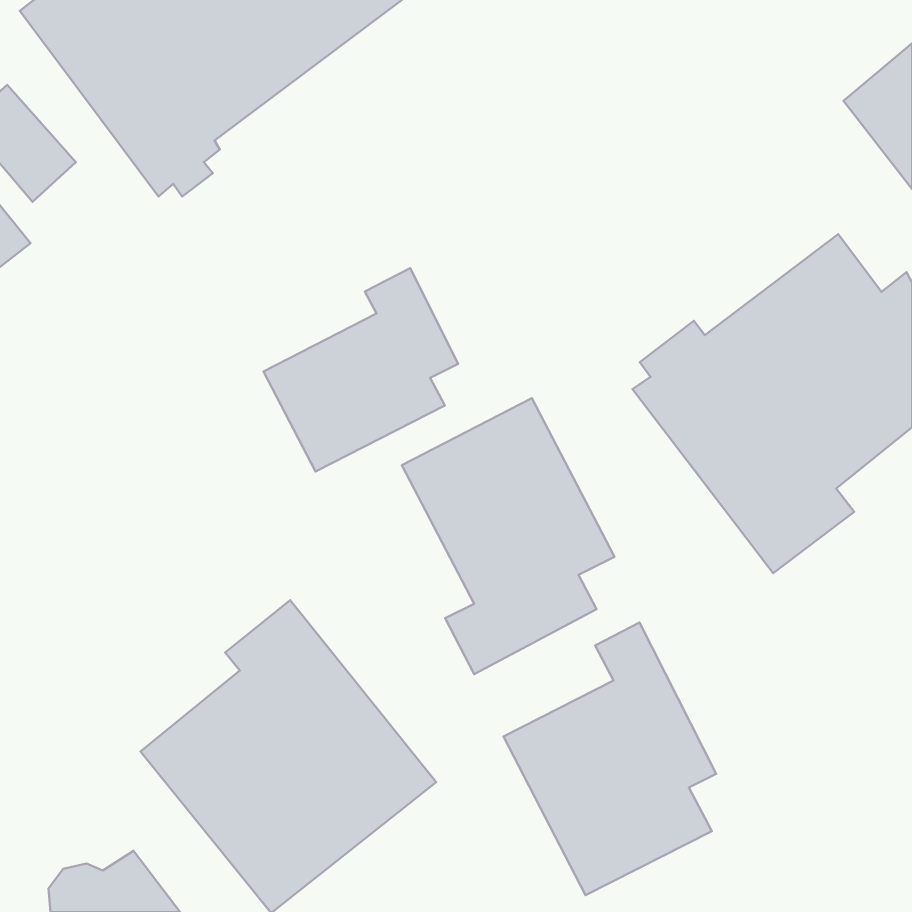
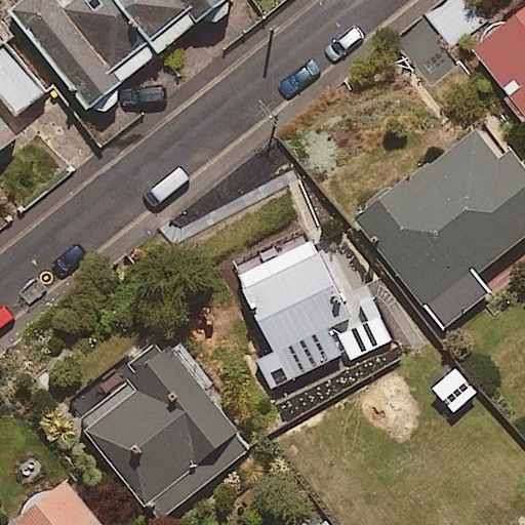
building: [264,268,458,471] -> none
building: [504,623,716,895] -> none

